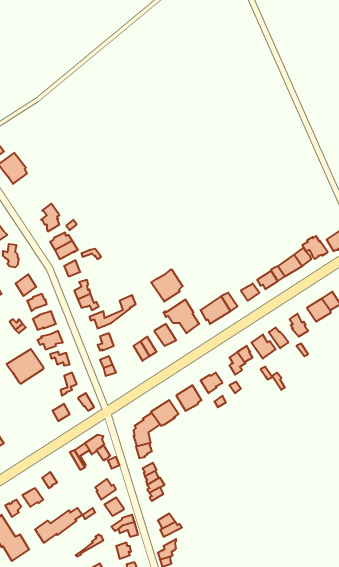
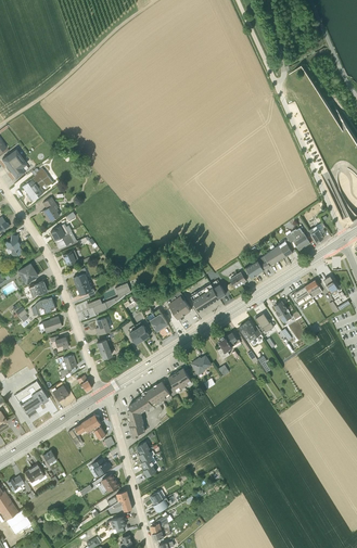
building: none -> [22,168,52,203]
building: [151,269,183,302] -> none
building: [7,349,44,384] -> [13,382,48,415]
building: [35,508,83,543] -> none

